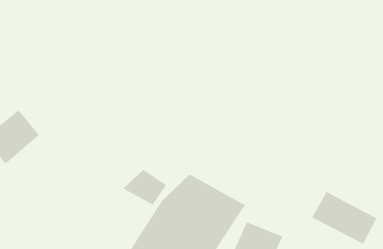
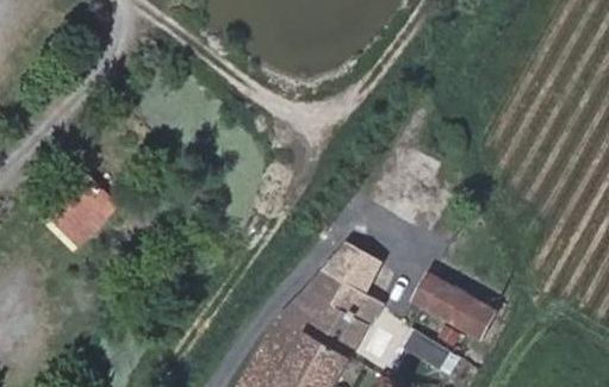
building: [123,169,167,206] -> [328,236,390,287]
building: [312,191,377,244] -> [406,271,498,347]

